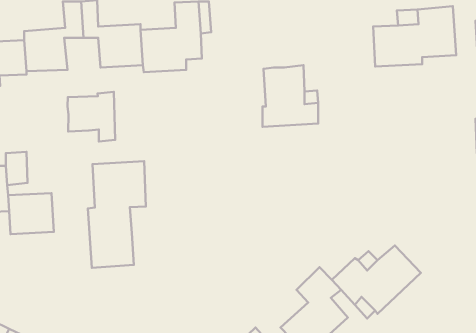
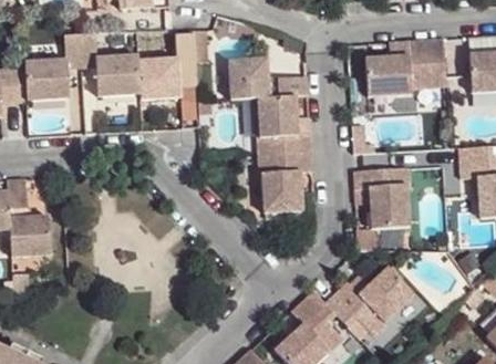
building: none -> [227,58,308,100]
building: [68,92,115,141] -> none
building: none -> [257,152,313,211]
building: none -> [354,167,413,227]
building: [88,161,146,268] -> none

